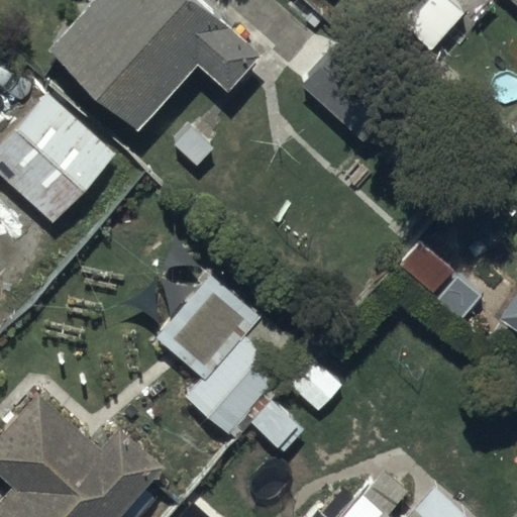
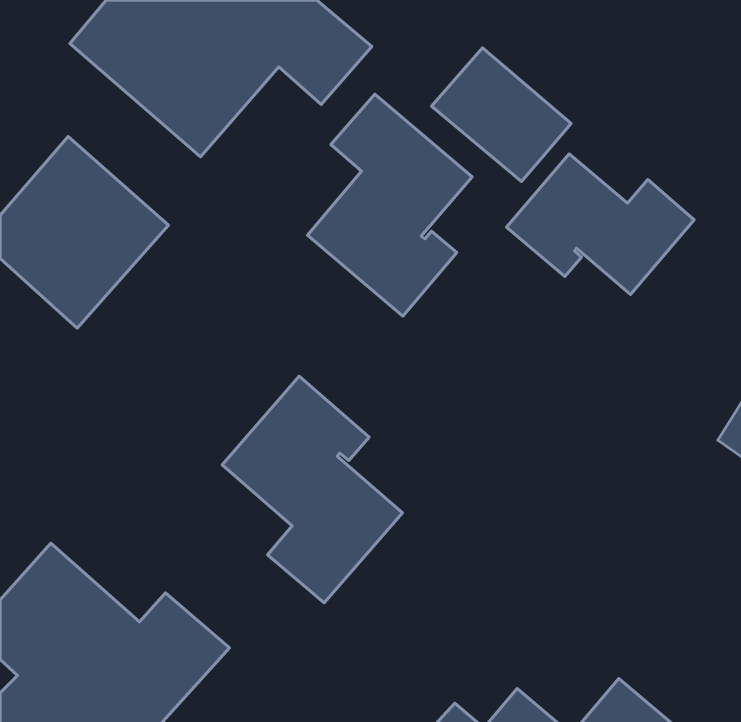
building: none -> [307,94,472,316]
building: none -> [507,154,694,295]

